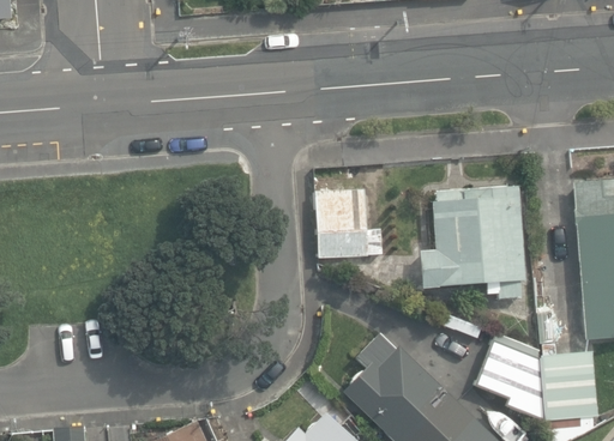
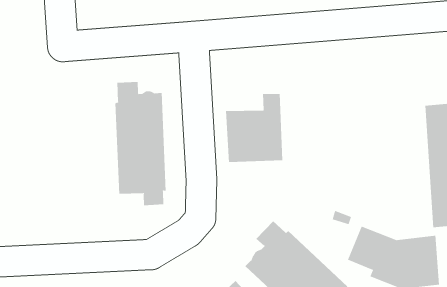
building: none -> [115,81,166,206]
building: [420,185,525,298] -> none

